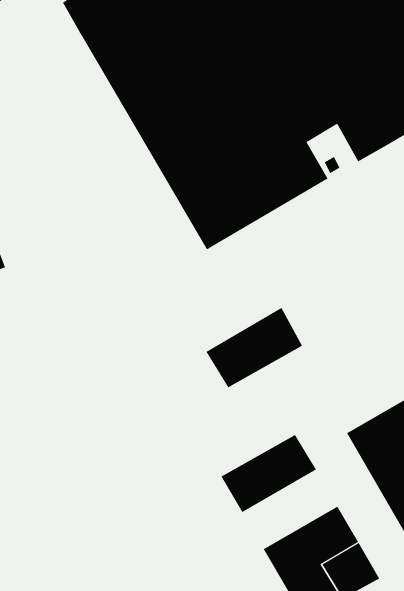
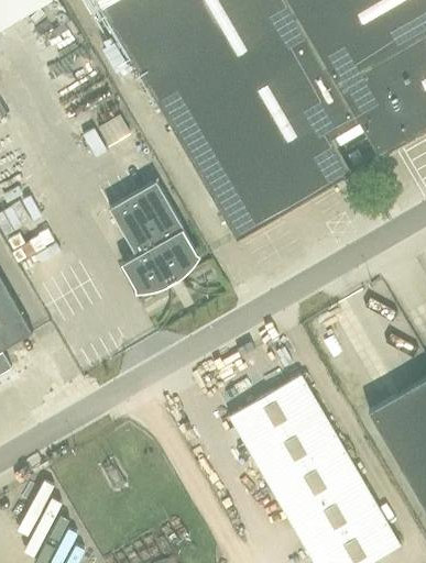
building: none -> [109,181,201,292]
building: [205,307,303,388] -> [230,375,321,451]
building: none -> [271,444,361,519]

